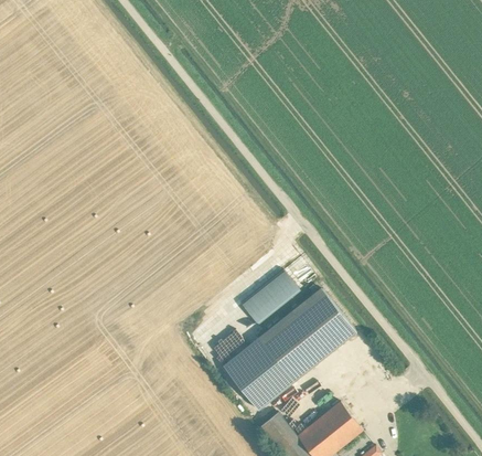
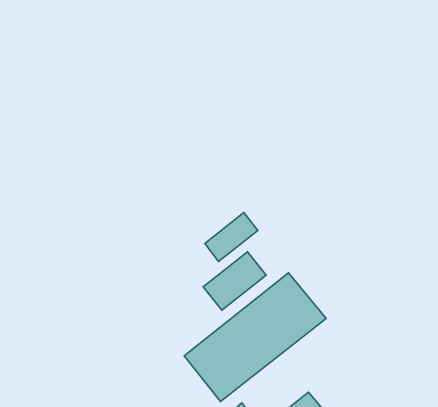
building: none -> [205,213,258,261]

